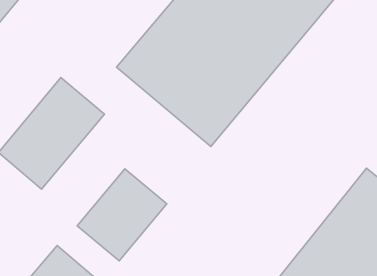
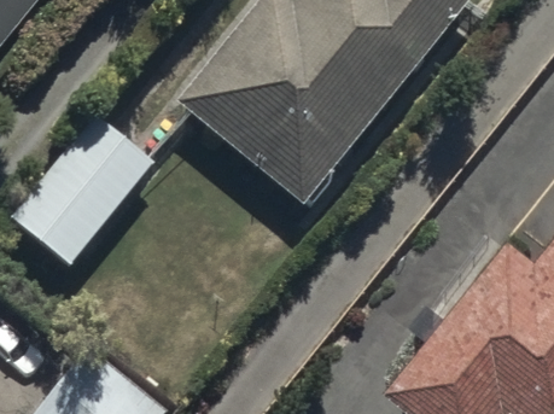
building: [77,169,167,261] -> none

